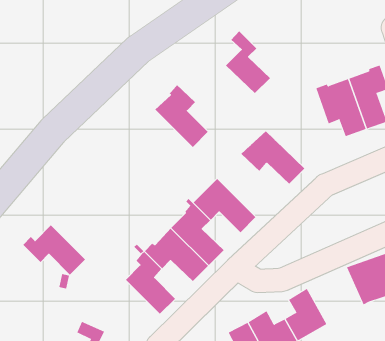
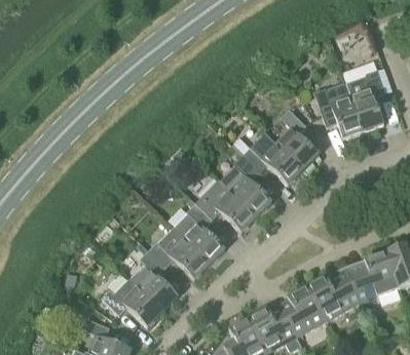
building: [225,30,271,94] -> [276,108,321,169]
building: [155,84,209,148] -> [221,155,273,216]
building: [22,225,86,275] -> [103,277,164,326]
building: none -> [307,265,362,320]

